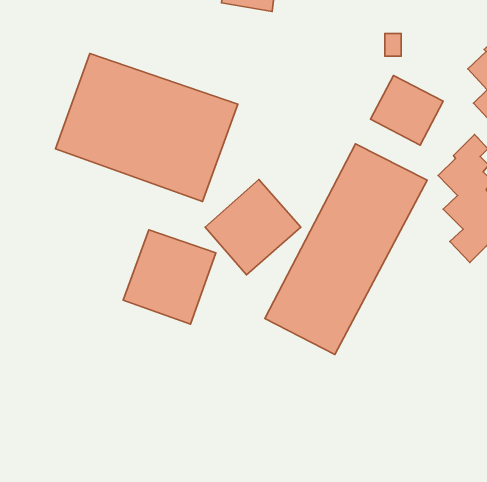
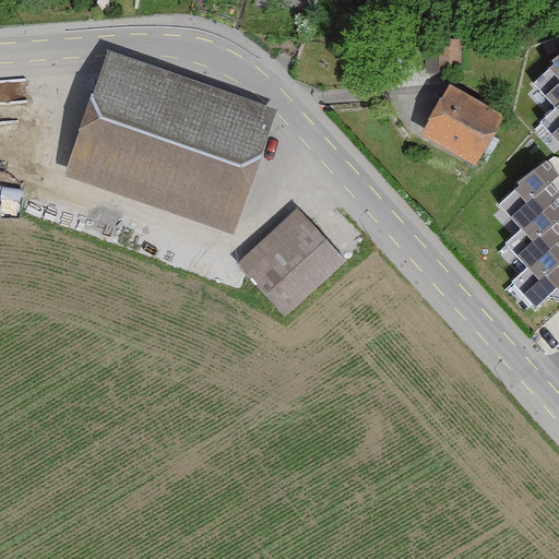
building: [265,144,427,354] -> none
building: [123,230,216,324] -> none

